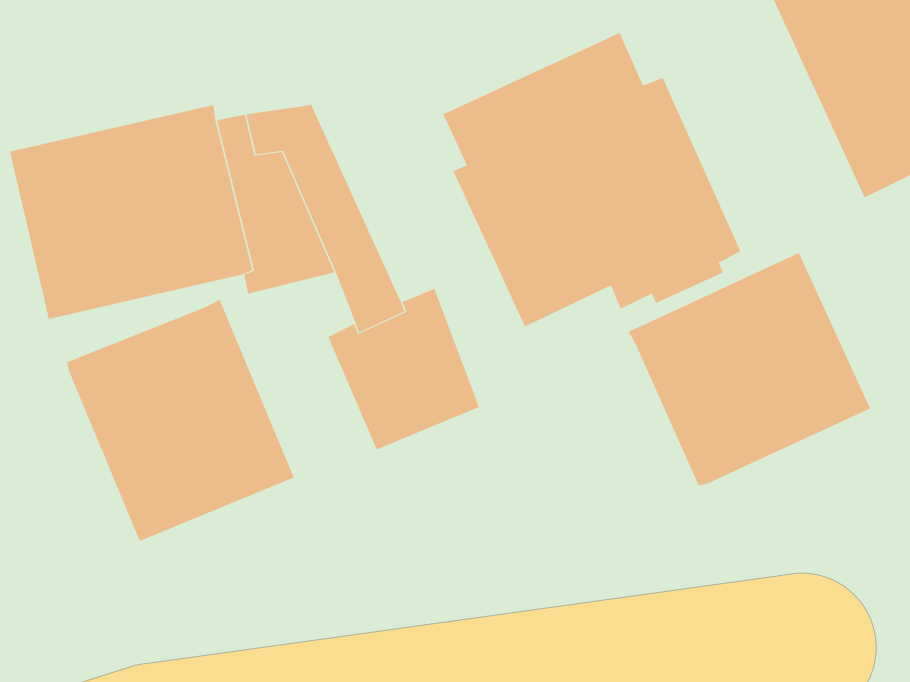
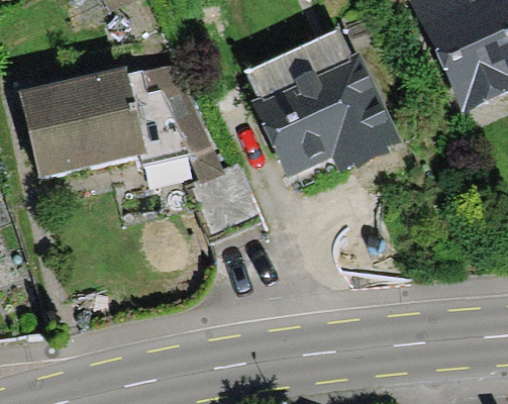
building: [628,252,871,487] -> none
building: [66,299,294,542] -> none

